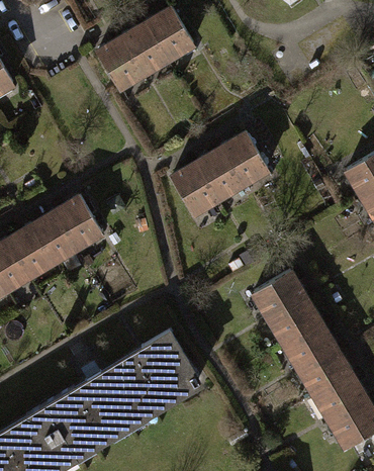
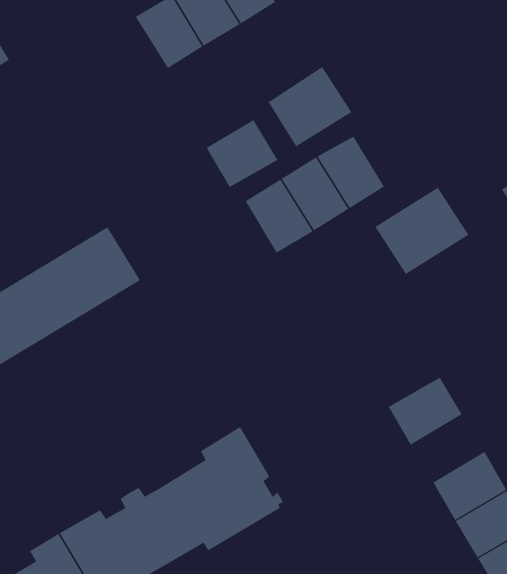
building: none -> [268,66,352,147]
building: none -> [206,119,278,188]
building: none -> [375,187,469,275]
building: [253,273,304,319] -> none
building: [284,324,335,371] -> none

